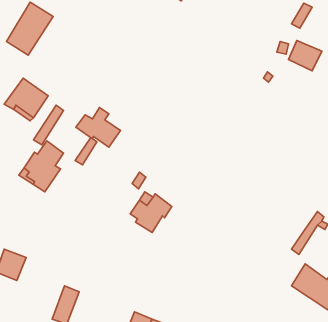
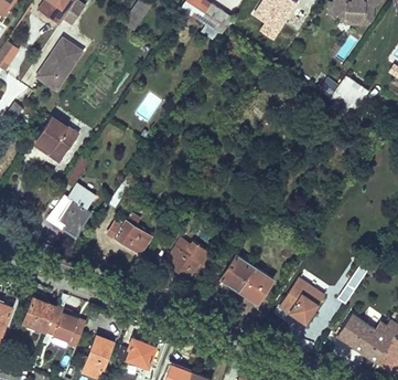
building: [76,107,120,147] -> [106,212,153,254]
building: none -> [220,254,273,303]
building: none -> [280,277,324,324]
building: none -> [46,306,78,339]
building: none -> [127,338,155,366]

